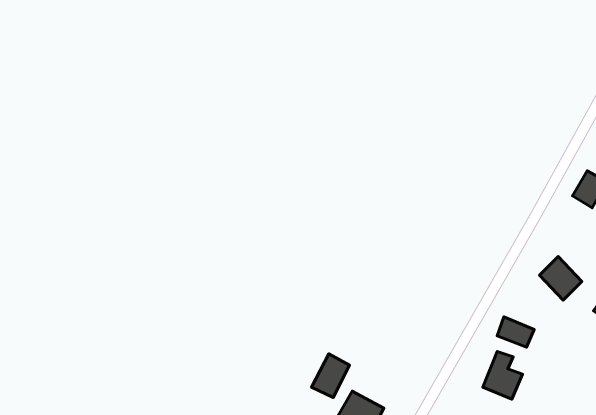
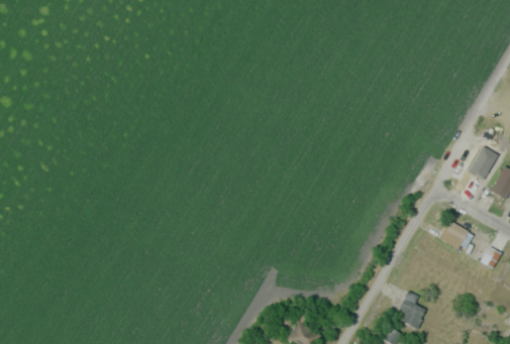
building: [497,317,534,347] -> none
building: [311,354,350,397] -> none

